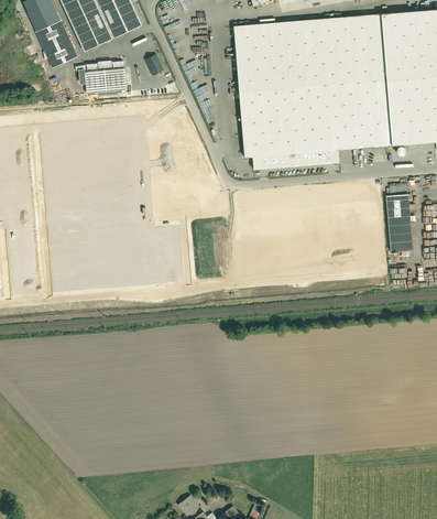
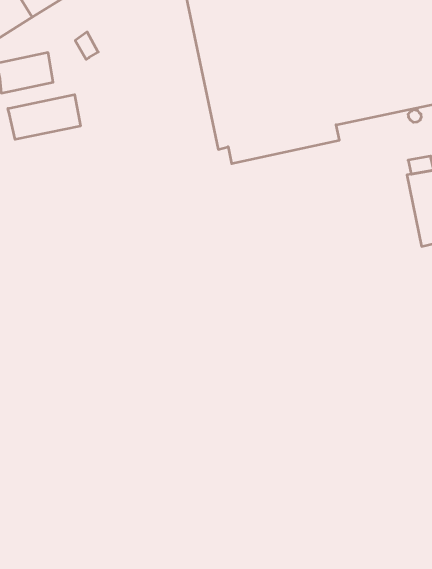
building: none -> [8,95,80,139]

